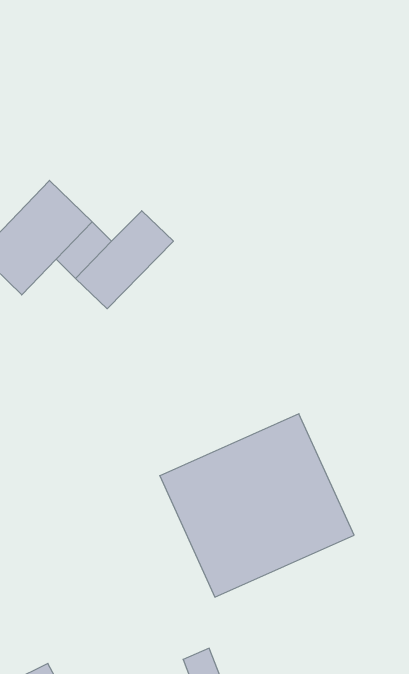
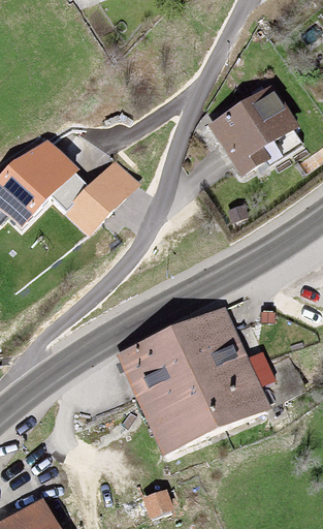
building: none -> [212,92,301,177]

